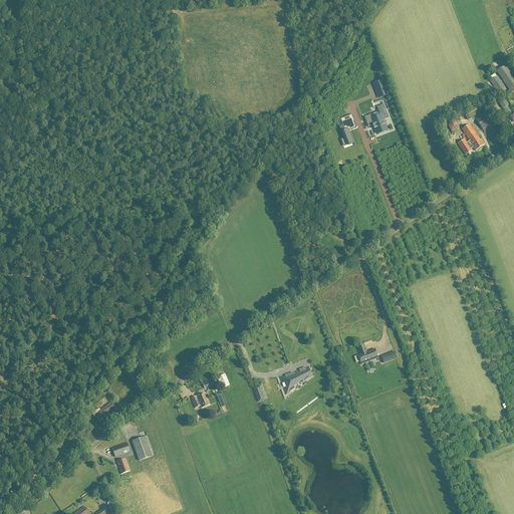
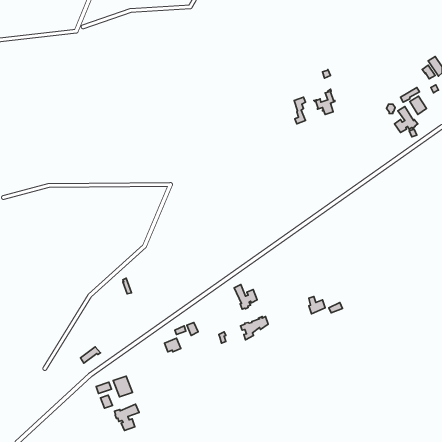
building: none -> [234,285,257,309]
building: none -> [114,404,139,431]

